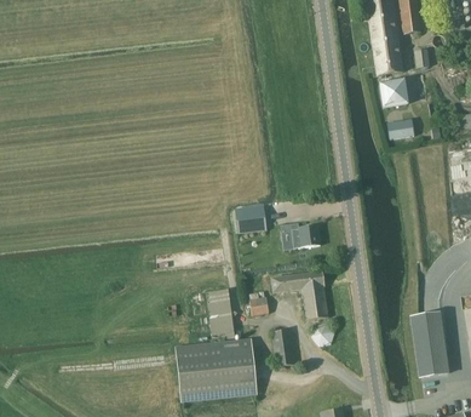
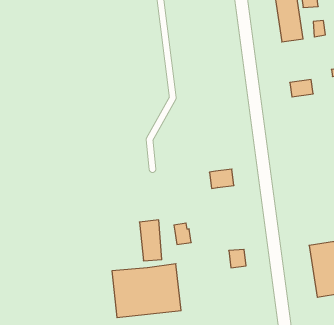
building: [380,79,408,107] -> none
building: [236,205,268,233] -> none
building: [271,270,329,320] -> none
building: [272,330,295,366] -> none

